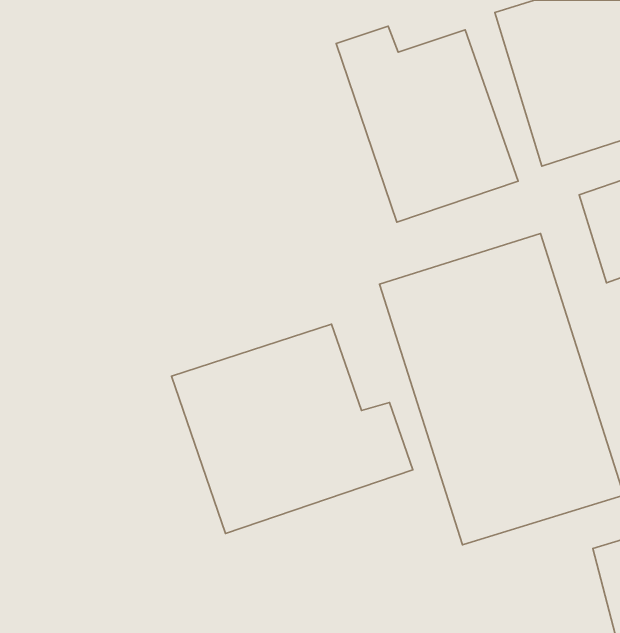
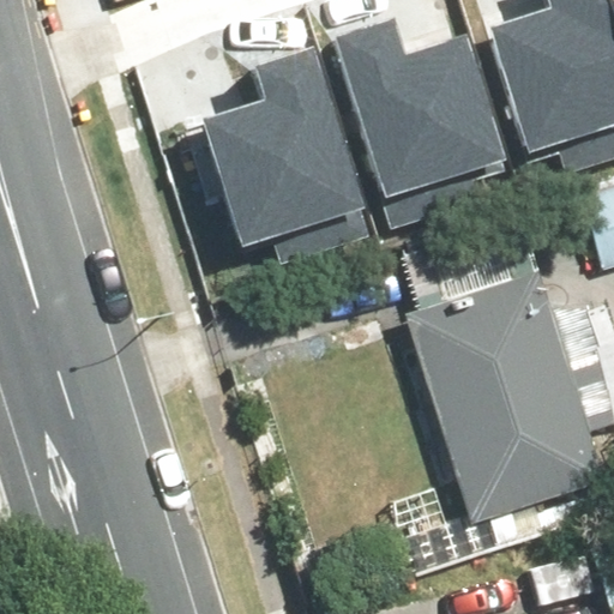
building: none -> [204,49,371,261]
building: [171,324,413,533] -> none

